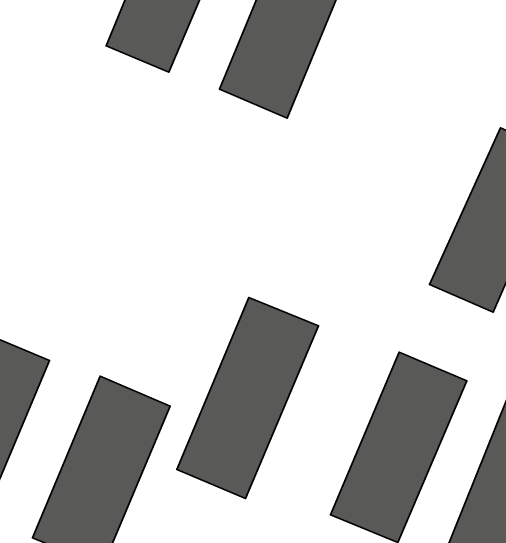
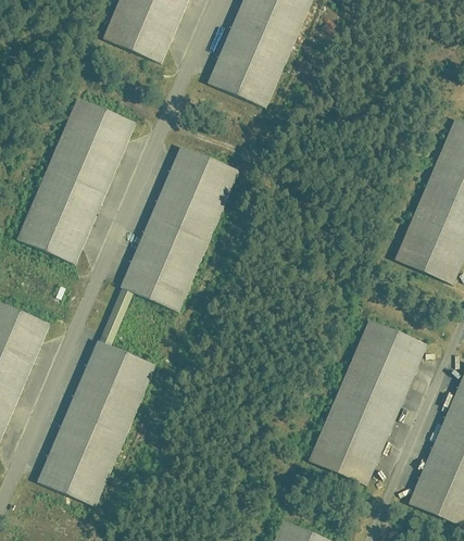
building: none -> [18,95,137,259]
building: none -> [118,141,242,314]
building: [177,297,318,499] -> none

